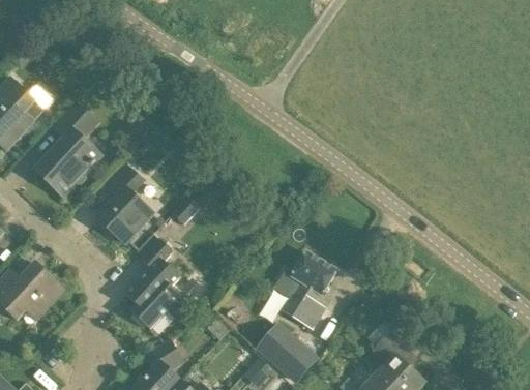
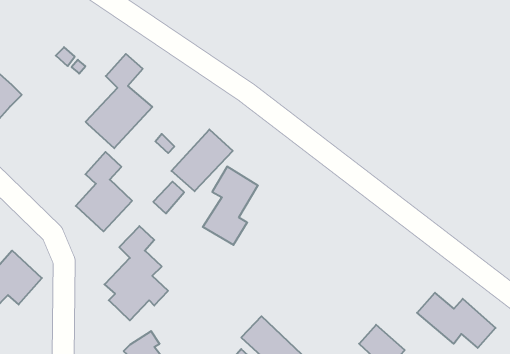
building: [34,102,99,194] -> [86,54,152,148]
building: none -> [171,129,233,191]
building: [282,253,335,330] -> [203,167,258,245]
building: none -> [417,293,496,348]

